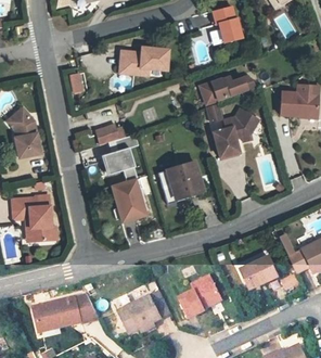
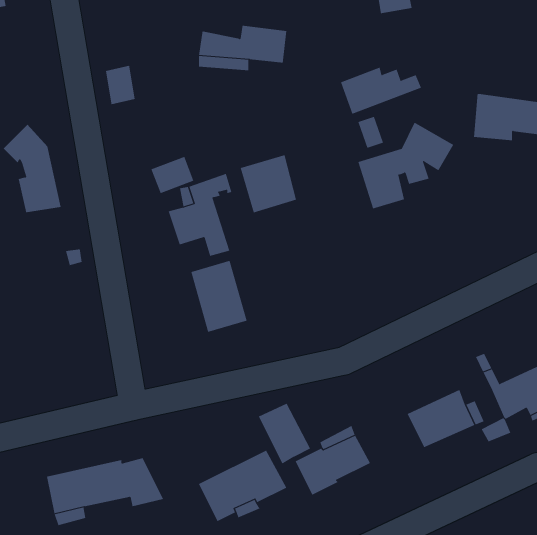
building: [171,166,204,200] -> [240,154,297,213]
building: [14,195,61,243] -> none
building: none -> [258,403,311,465]

